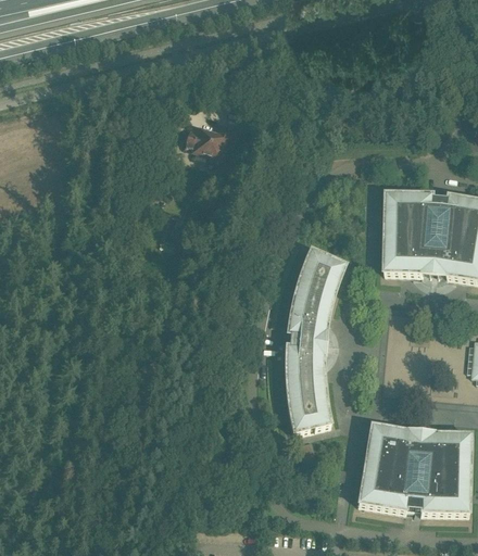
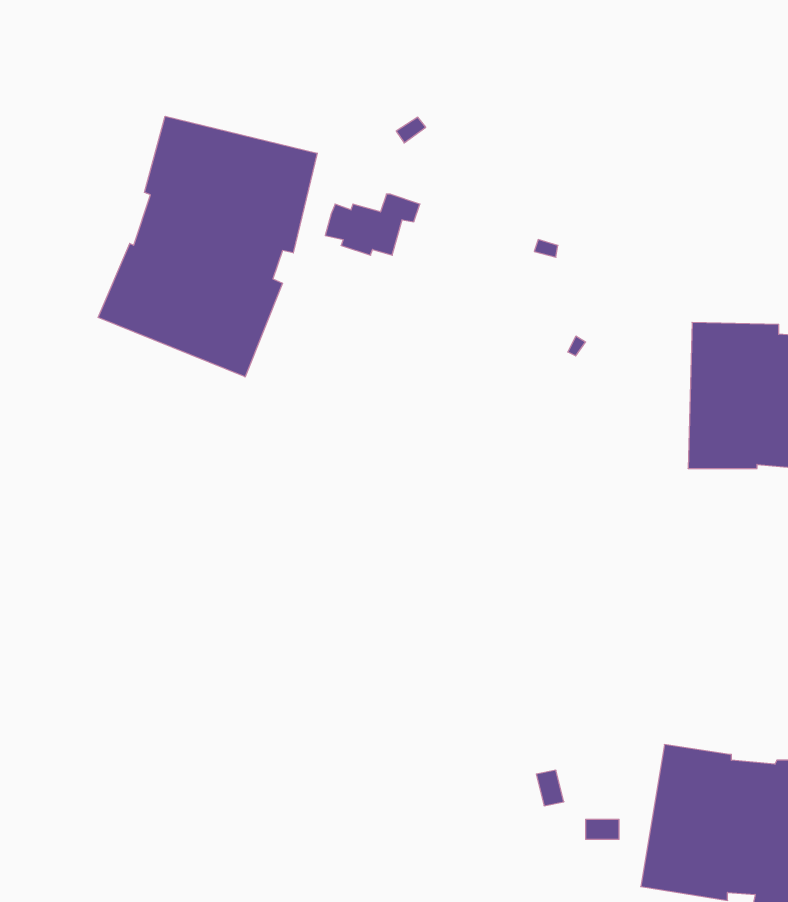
building: none -> [98,116,317,377]
building: [285,248,344,432] -> none

